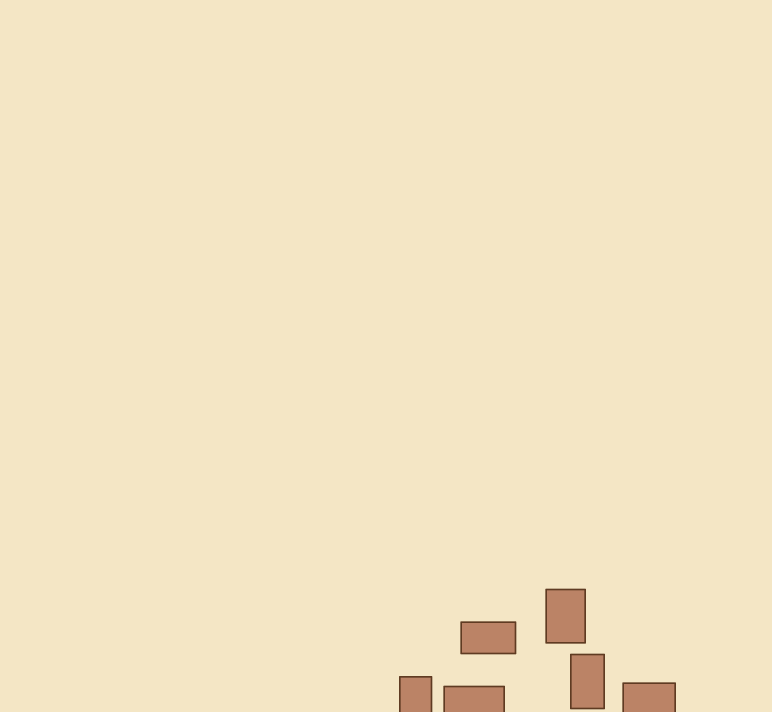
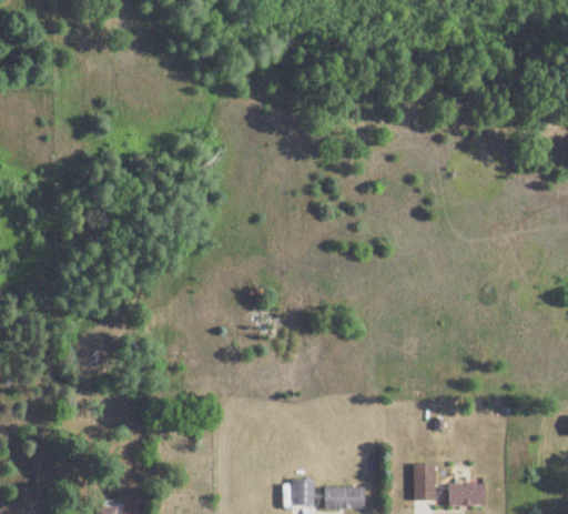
building: [546,590,585,643] -> none
building: [461,622,515,654] -> none

